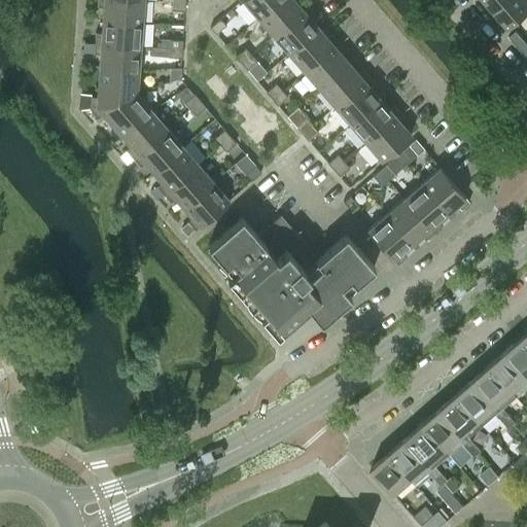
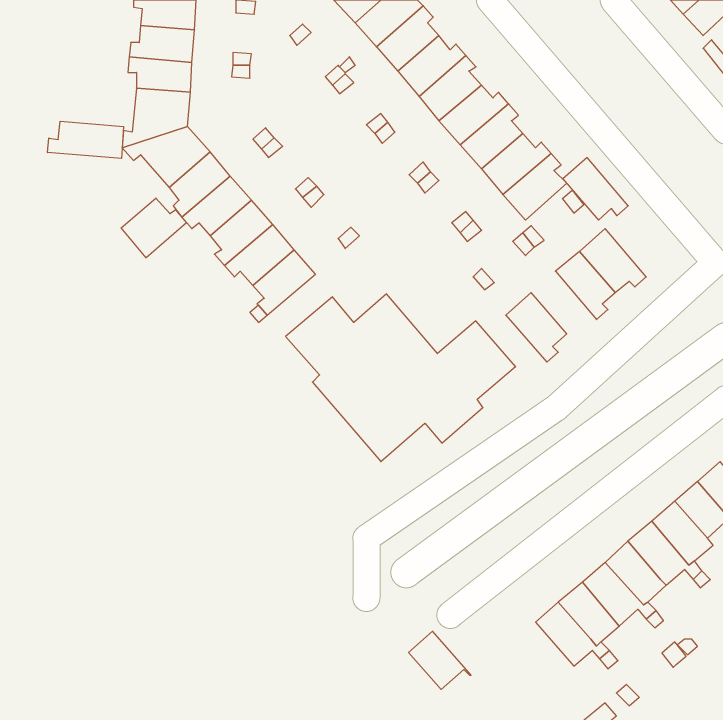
building: none -> [48,121,124,158]
building: none -> [121,198,187,258]
building: [387,201,434,246] -> [563,158,628,220]
building: [373,455,418,497] -> [409,631,471,689]

